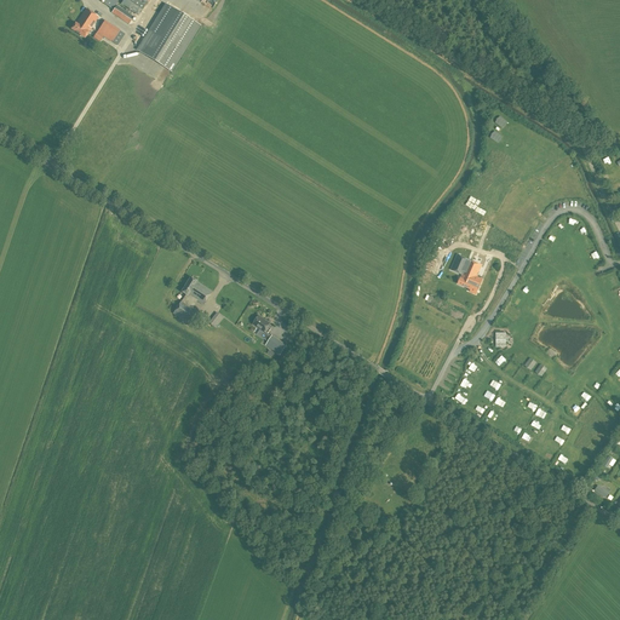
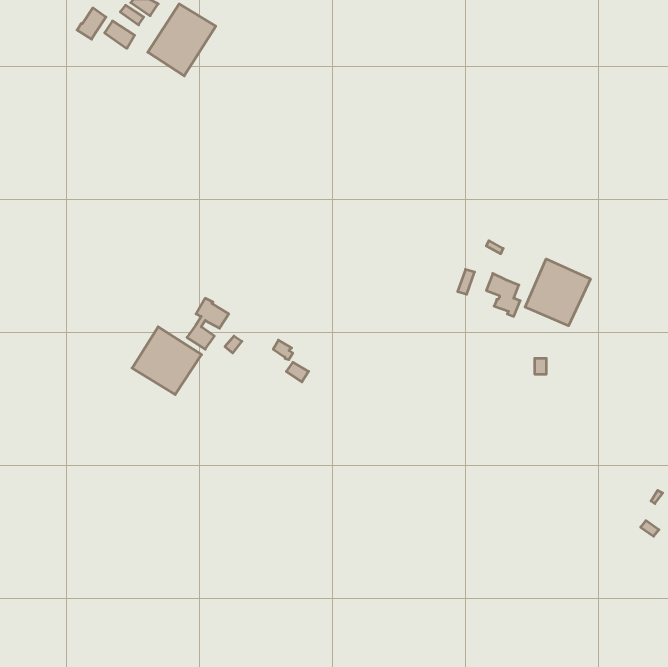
building: none -> [525,259,590,326]
building: none -> [132,327,202,395]

